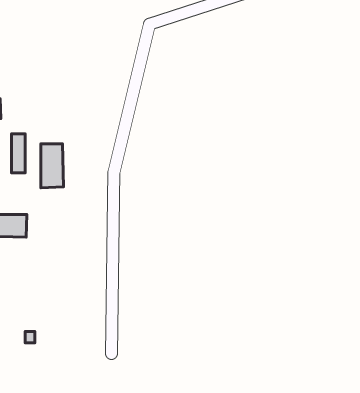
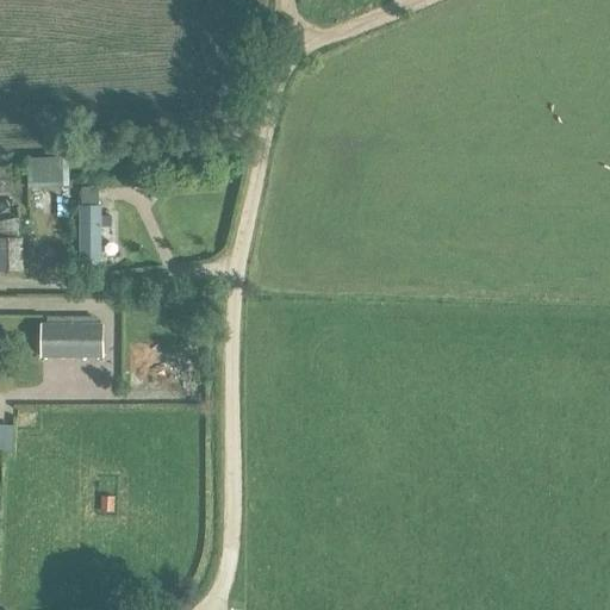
building: [41,144,63,188] -> none

